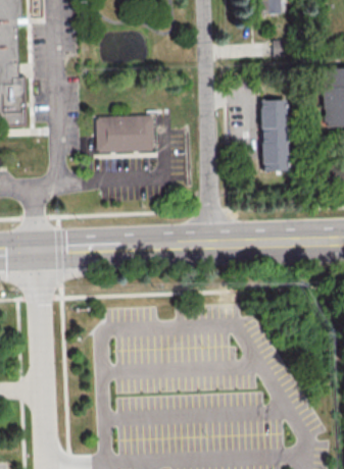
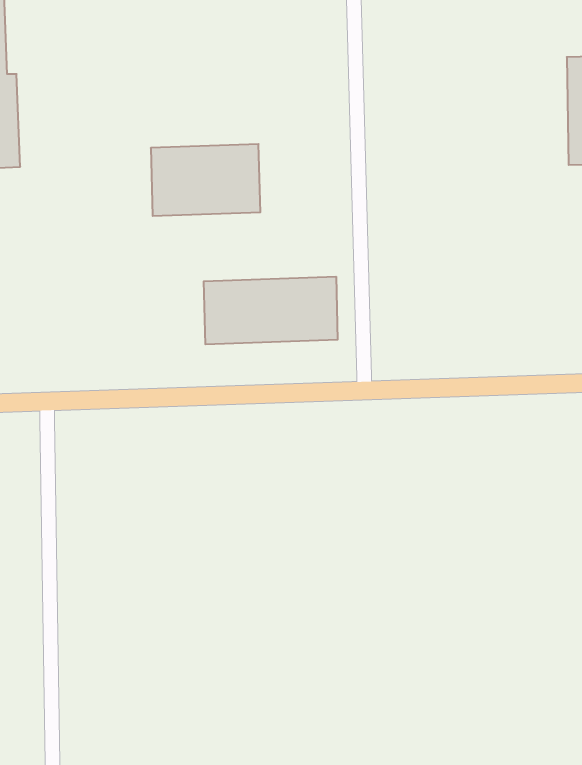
building: [261,100,289,172] -> none
building: none -> [204,277,338,344]

